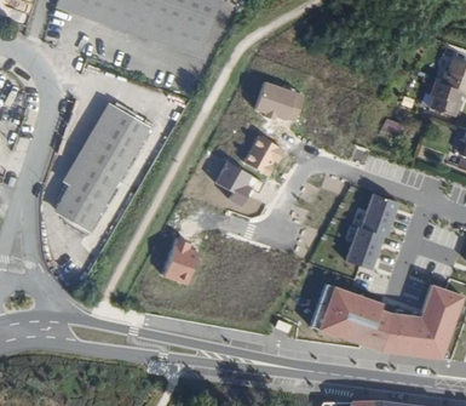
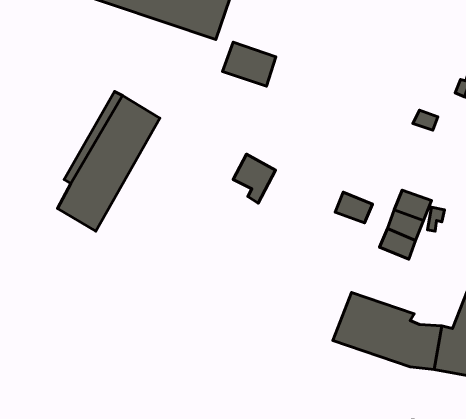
building: [255,80,304,120] -> [222,42,276,86]
building: [242,133,283,175] -> none
building: [162,238,197,281] -> none
building: [341,244,375,271] -> [335,192,373,223]

